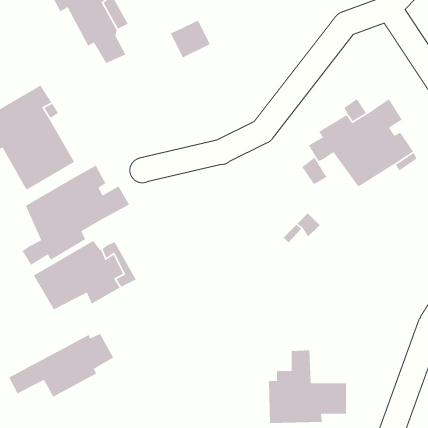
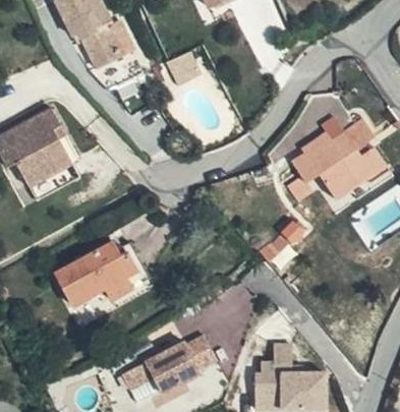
building: [21,164,130,266] -> none
building: [8,333,114,398] -> [120,338,215,396]

